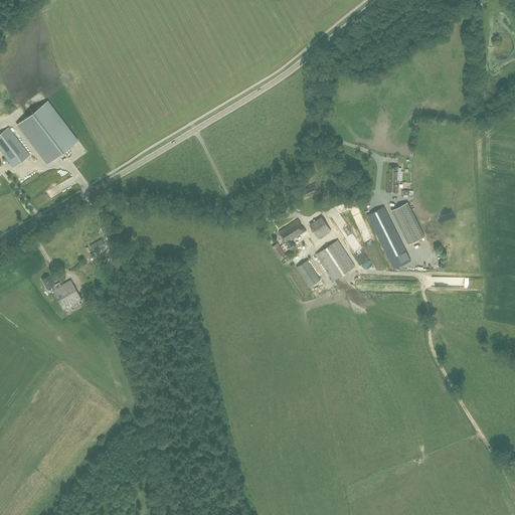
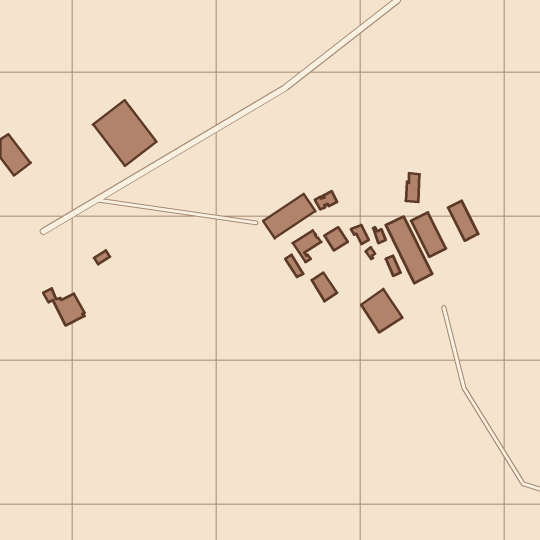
building: [16,102,76,164] -> [93,100,156,166]
building: none -> [263,194,315,238]
building: none -> [448,201,478,241]
building: [316,239,355,281] -> [361,289,402,332]

